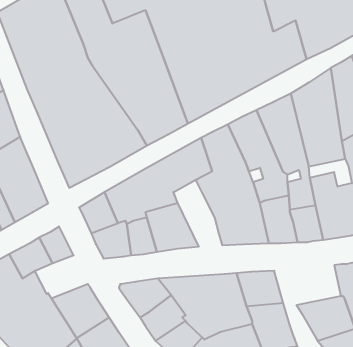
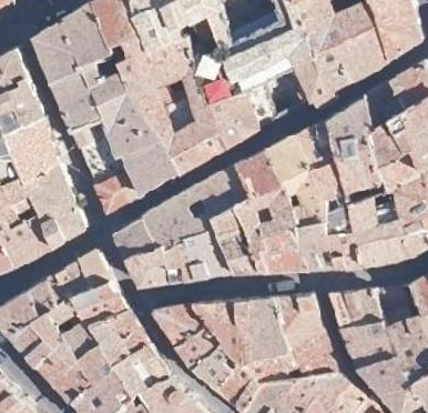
building: none -> [212,206,261,273]
building: none -> [73,282,126,325]
building: none -> [327,292,379,332]

